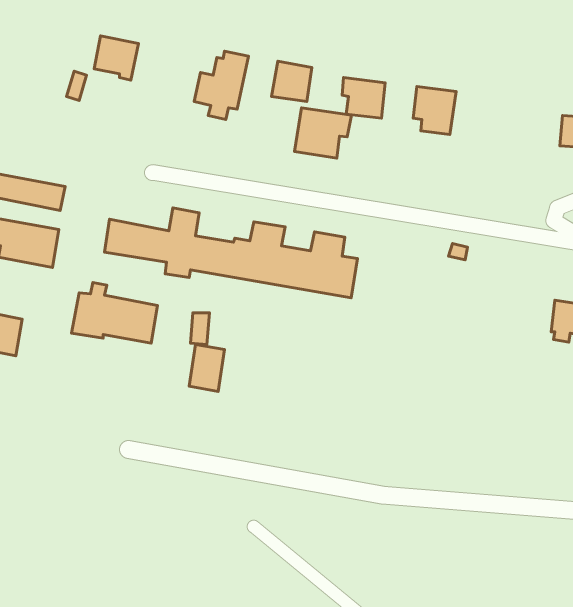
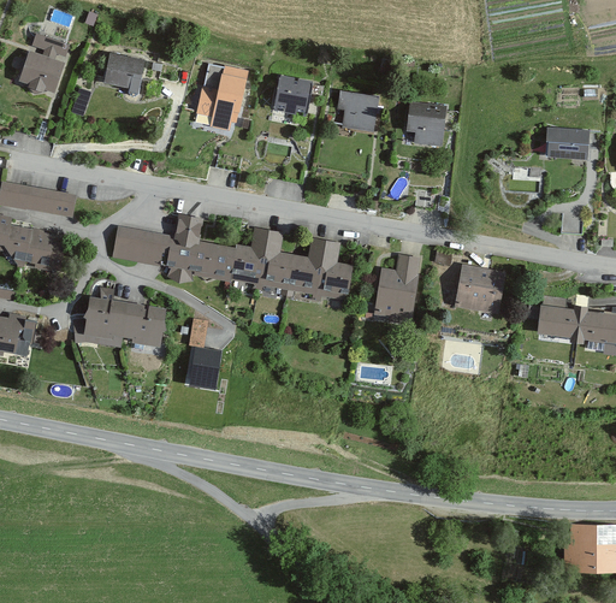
building: none -> [18,32,70,93]
building: [294,108,352,158] -> none
building: none -> [374,255,420,314]
building: none -> [454,265,504,313]

